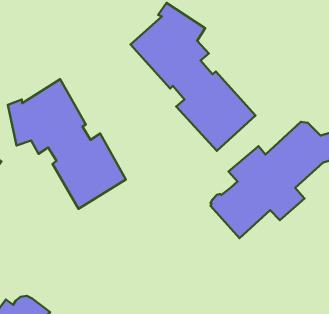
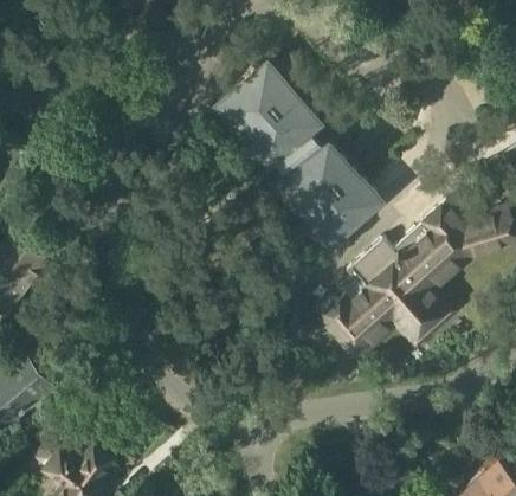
building: [8,79,126,209] -> none

